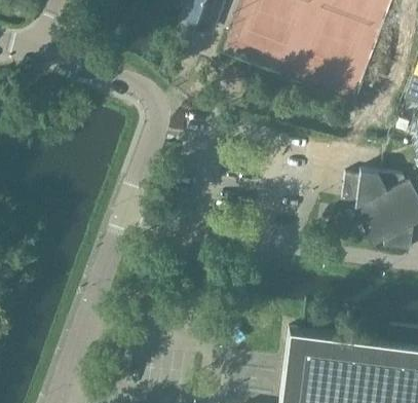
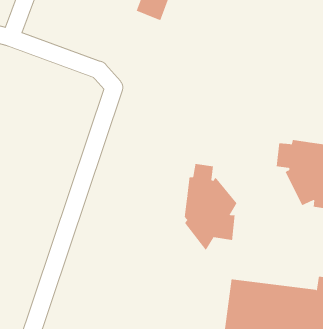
building: none -> [184,163,237,251]

